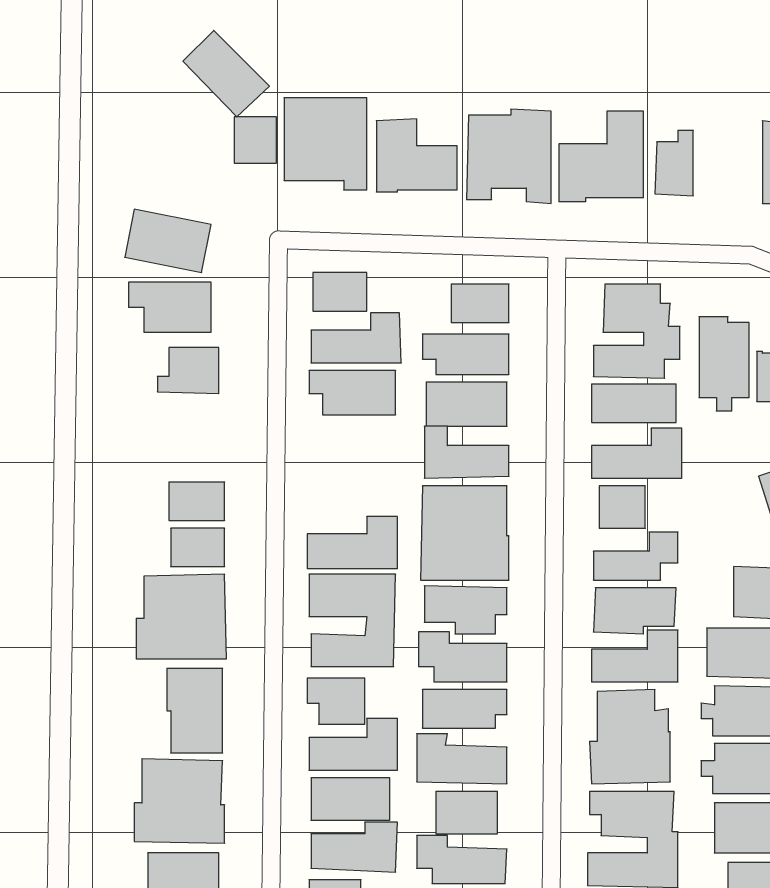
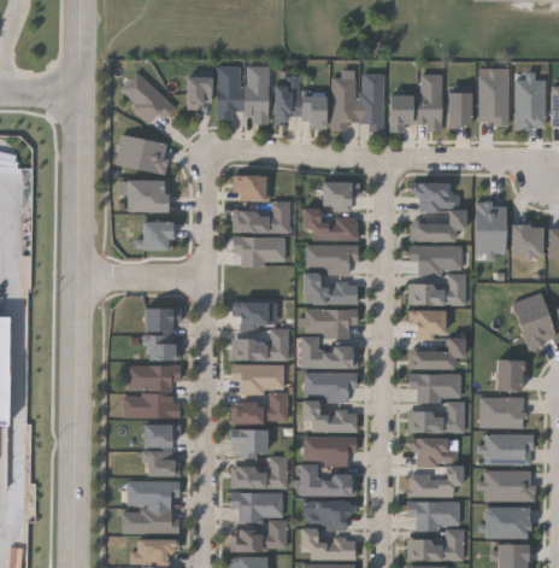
building: [183,30,269,117] -> [118,71,172,125]
building: none -> [478,69,511,124]
building: none -> [230,300,266,326]

